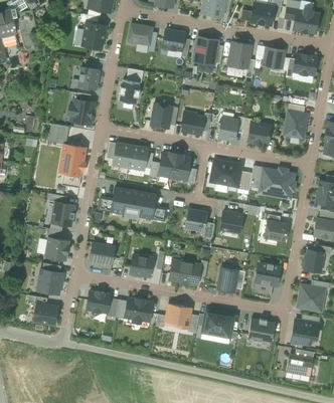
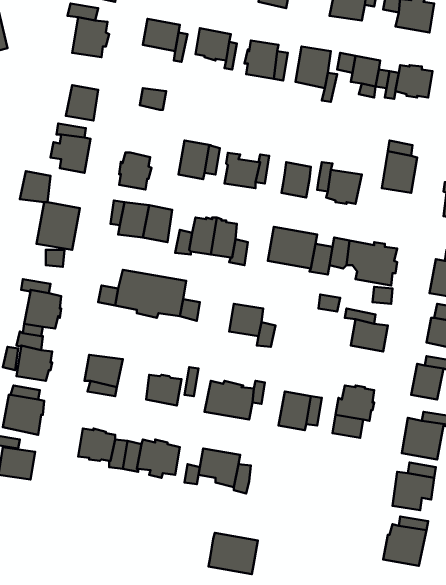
building: [119,80,140,105] -> [119,153,152,190]
building: [219,211,242,233] -> none
building: [201,311,233,338] -> [209,533,258,574]
building: [247,319,274,342] -> none

